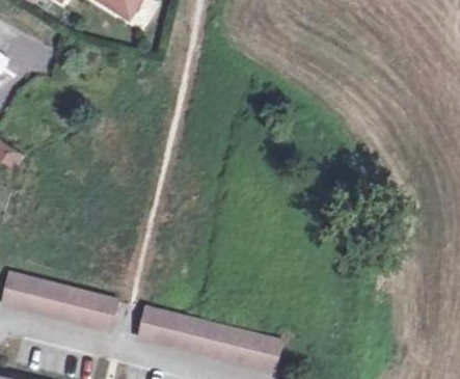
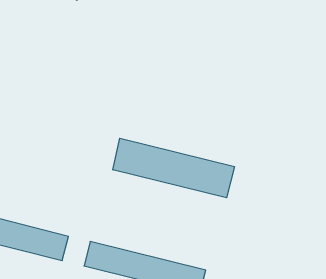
building: none -> [113,138,234,198]

